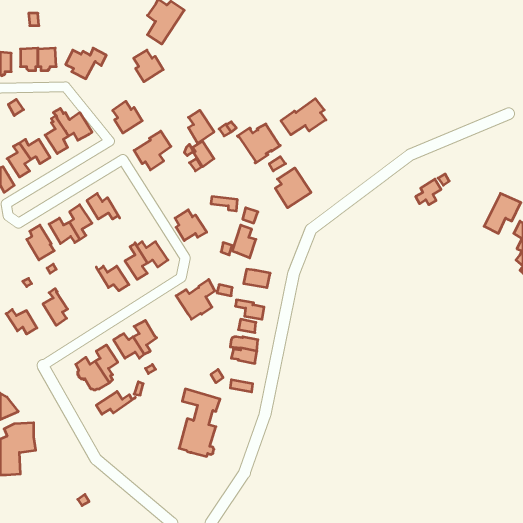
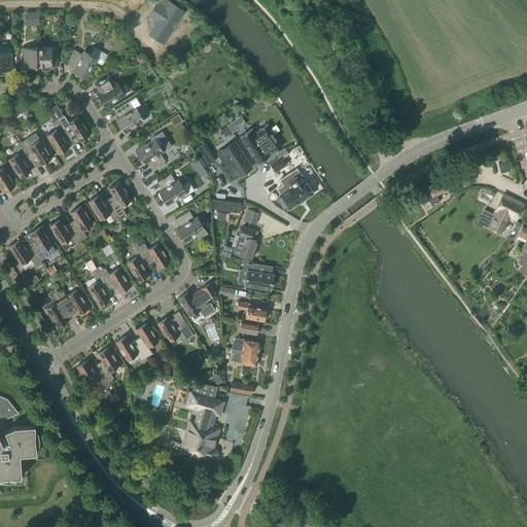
building: [134,50,163,82] -> [95,76,125,108]
building: [281,99,326,135] -> none
building: [188,110,214,143] -> [225,146,251,179]
building: none -> [156,174,194,206]
building: none -> [108,182,131,219]
building: none -> [8,240,41,268]
building: none -> [86,269,109,306]
building: [6,309,37,334] -> [57,289,87,314]
building: none -> [155,314,192,342]
building: [96,391,135,414] -> none

